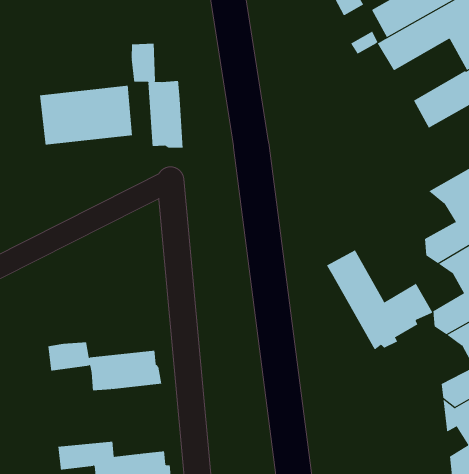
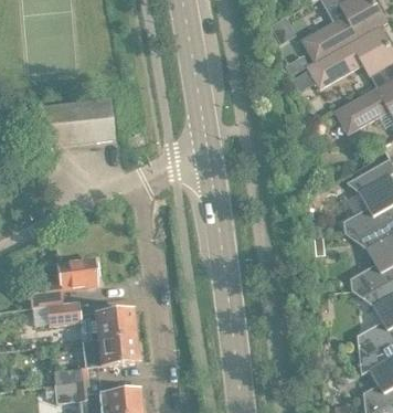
building: [131,43,183,148] -> none
building: [326,249,433,350] -> none
building: none -> [28,260,97,308]
building: none -> [52,336,137,385]

